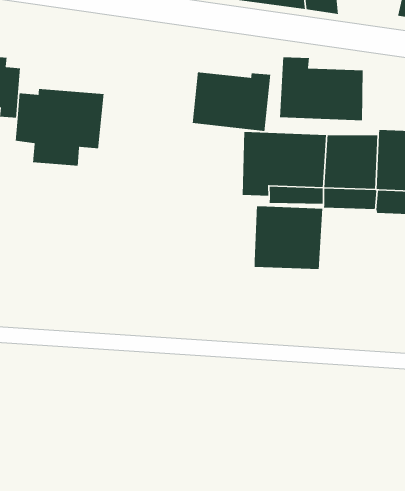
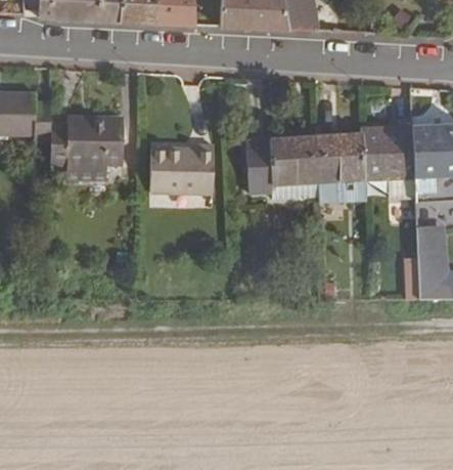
building: [279,57,364,121] -> none
building: [192,72,271,132] -> [148,143,213,194]
building: [254,206,323,270] -> none

